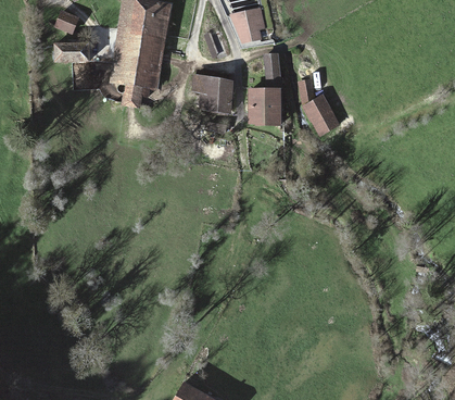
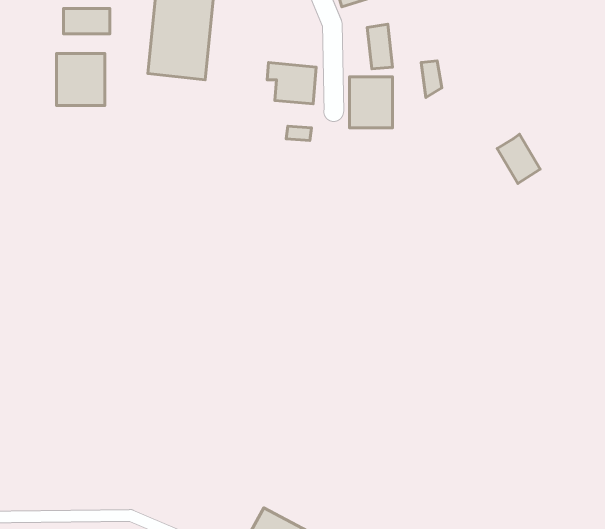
building: none -> [56,54,105,105]
building: [303,93,332,127] -> [497,134,540,183]

